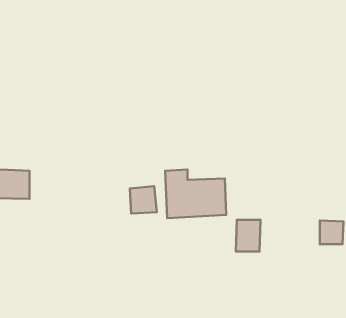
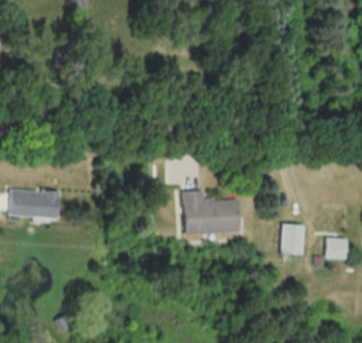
building: [130,186,157,213] -> none
building: [236,220,261,252] -> [281,225,304,254]

